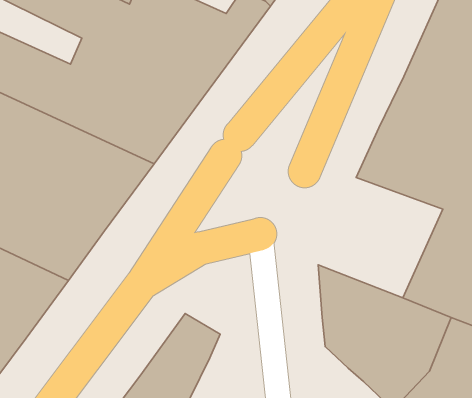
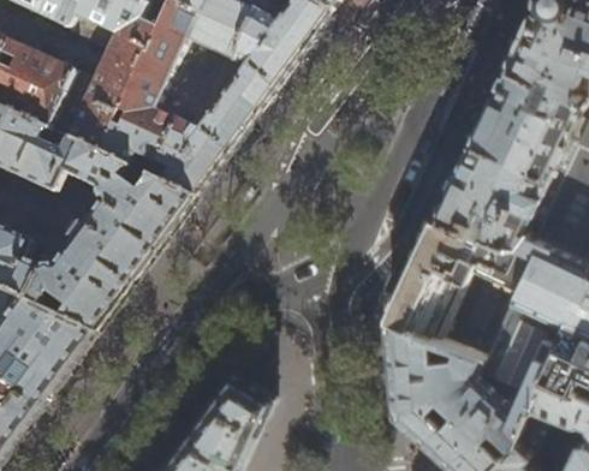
building: none -> [386,213,531,353]

